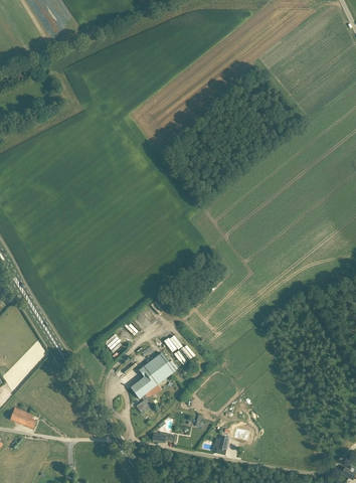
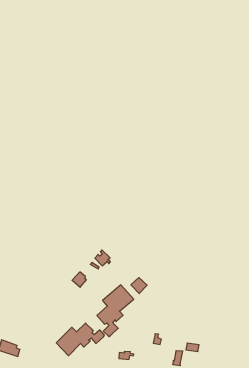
building: none -> [56,323,104,356]

